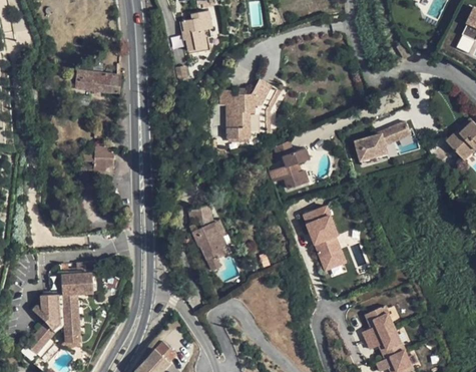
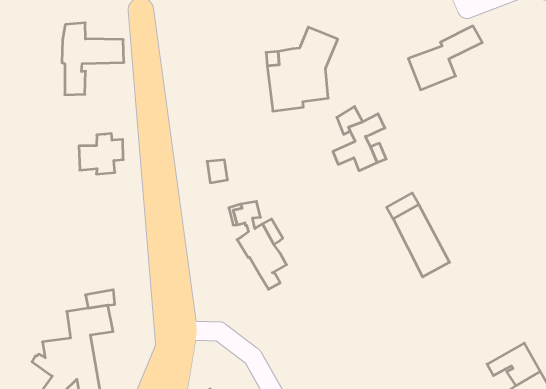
building: [356,123,412,167] -> [408,26,482,90]
building: [364,306,397,341] -> none

